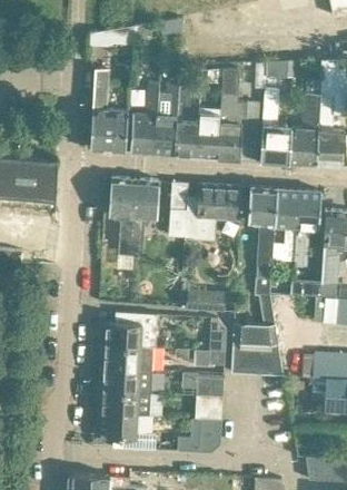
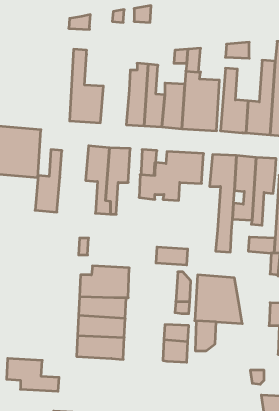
building: [129,84,159,154] -> [35,150,62,212]
building: [97,413,156,450] -> [7,358,59,391]
building: [198,419,221,452] -> [195,321,216,351]

